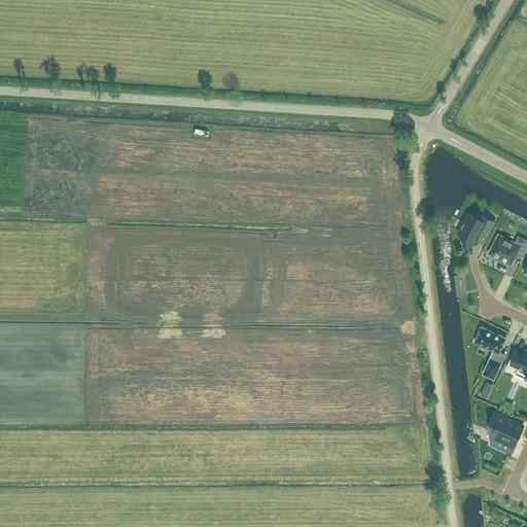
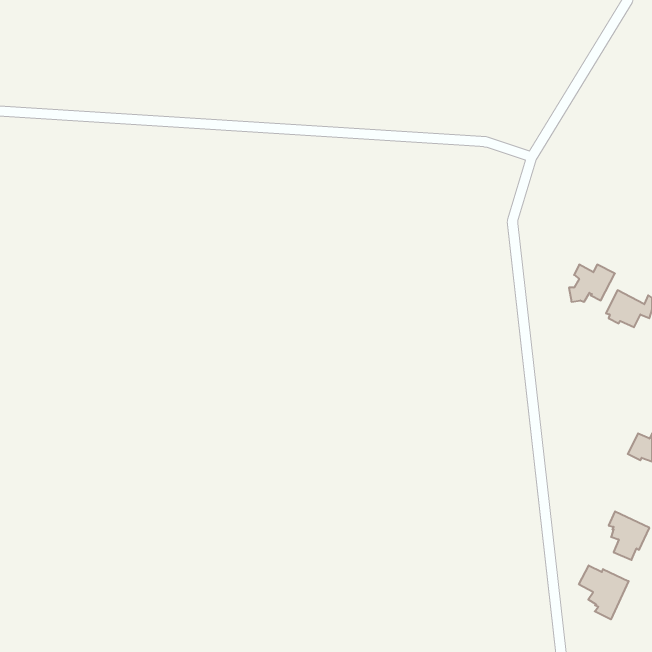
building: [473,326,505,380] -> none
building: none -> [579,565,629,619]

